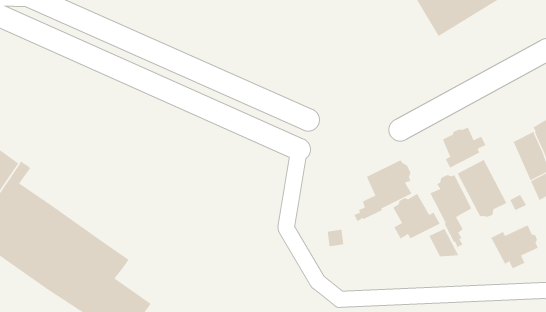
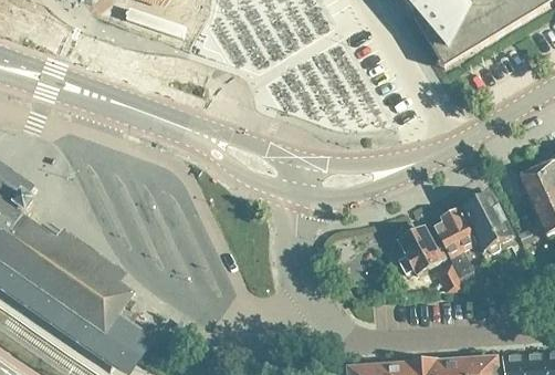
building: [442,127,486,169] -> none
building: [354,159,412,222] -> none
building: [491,225,538,269] -> none

